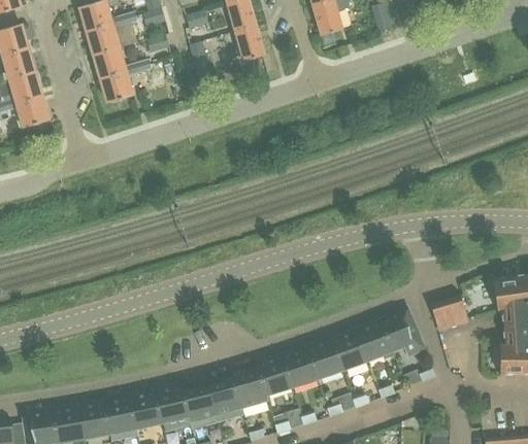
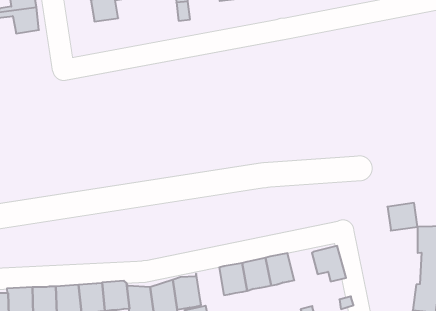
building: [431,297,467,331] -> [387,203,417,231]
building: [355,319,393,358] -> none
building: [257,355,291,394] -> none

